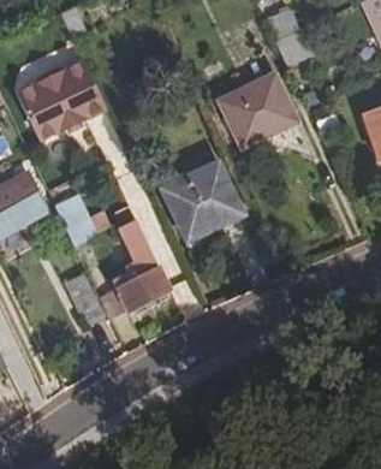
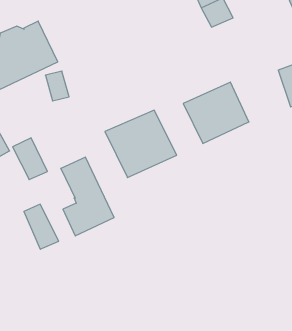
building: [219,76,296,148] -> [183,82,249,143]

